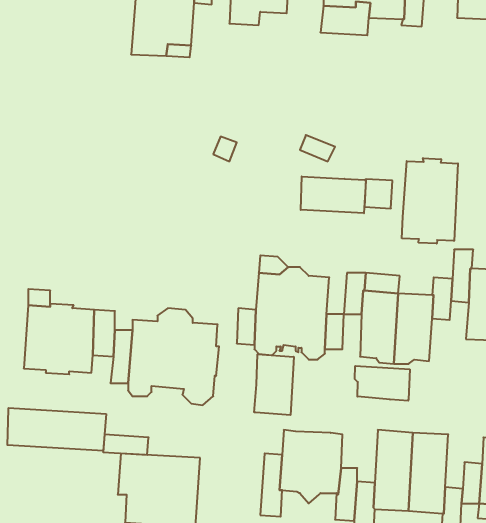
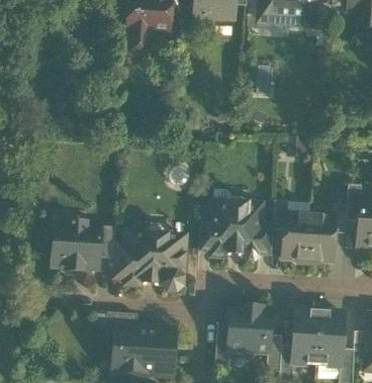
building: [402,158,458,244] -> none
building: [301,176,366,213] -> none
building: [254,354,294,415] -> none
building: [355,366,410,401] -> none
building: [7,408,106,451] -> none

